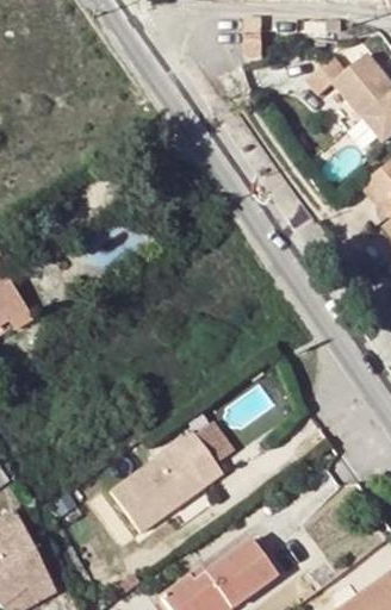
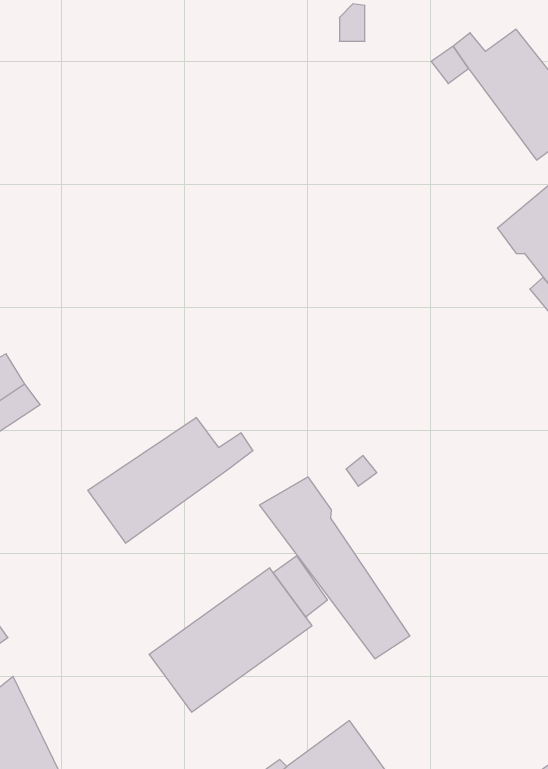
building: none -> [88,417,253,543]
building: none -> [260,477,410,659]

